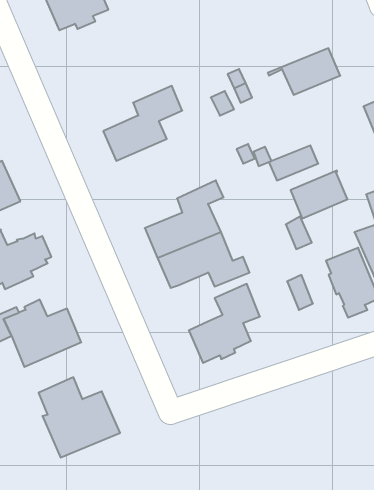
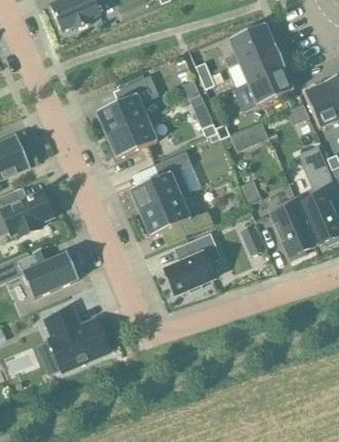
building: none -> [224,23,275,64]
building: none -> [106,116,157,158]
building: [291,171,348,219] -> [247,66,293,104]

